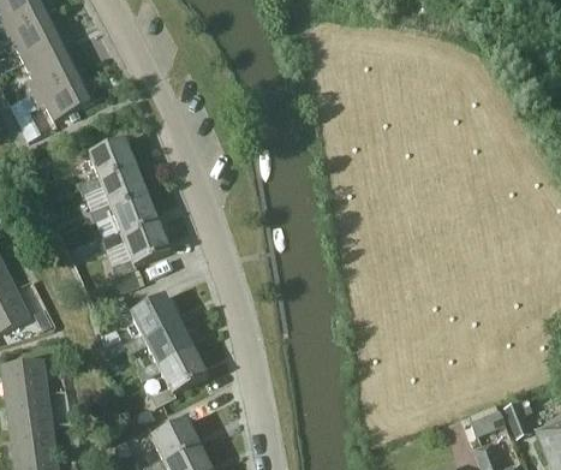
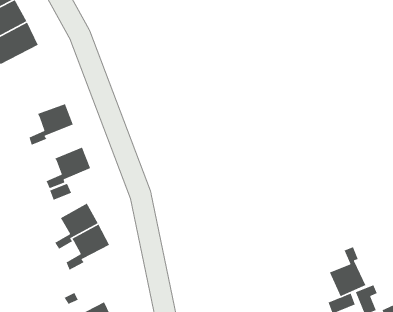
building: [78,137,136,192] -> none
building: [100,194,157,248] -> none
building: [149,346,207,405] -> none
building: none -> [329,246,366,297]

